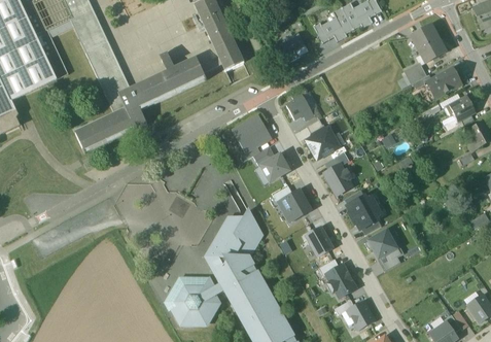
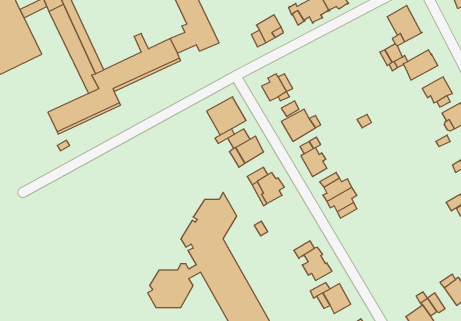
building: [305,226,332,255] -> none
building: [364,229,404,270] -> none
building: [163,275,211,310] -> none

